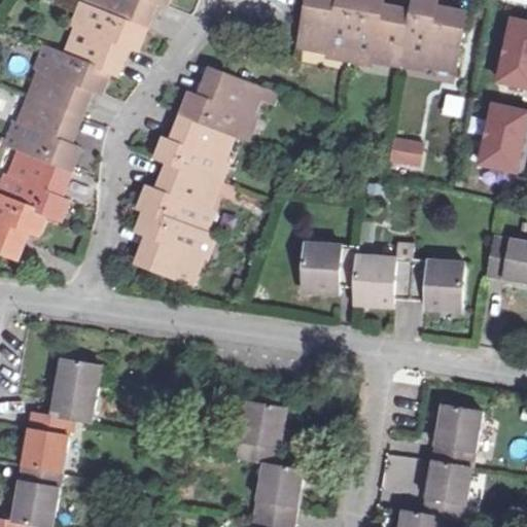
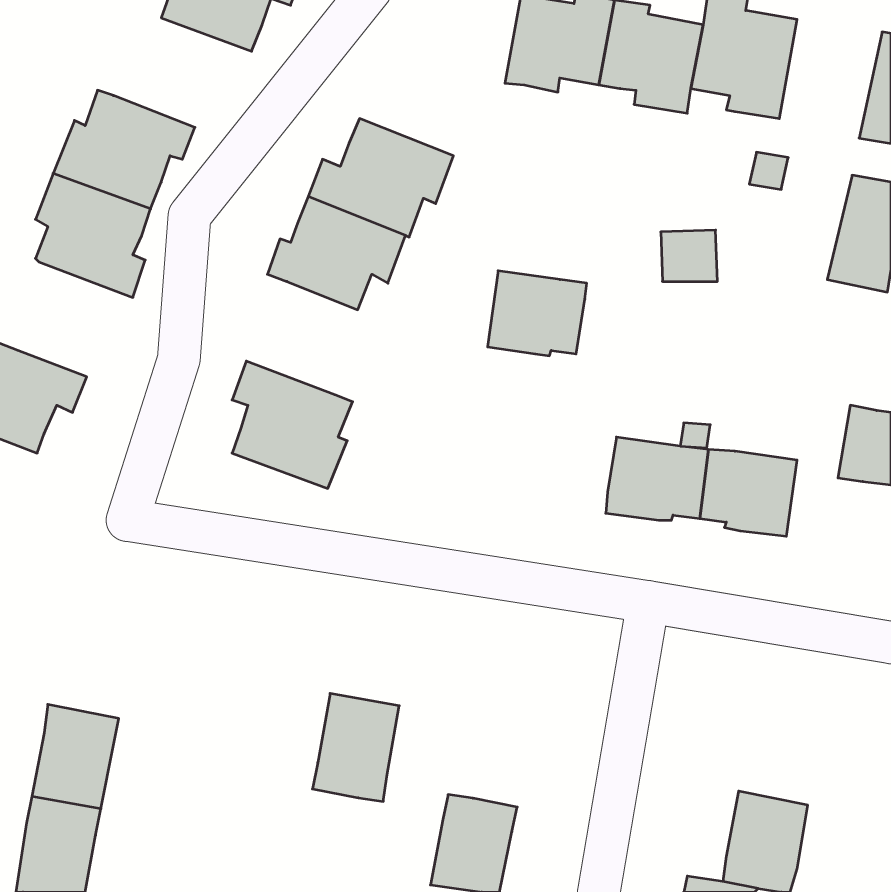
building: [66,9,146,77] -> none
building: [10,152,77,224] -> none
building: [137,164,219,230] -> none
building: [302,238,359,287] -> [488,271,587,356]
building: [48,359,99,422] -> none
building: [234,401,284,464] -> [312,693,399,801]
building: [429,405,480,468] -> none

